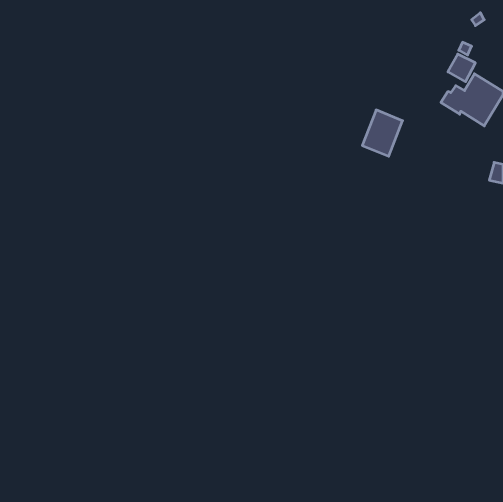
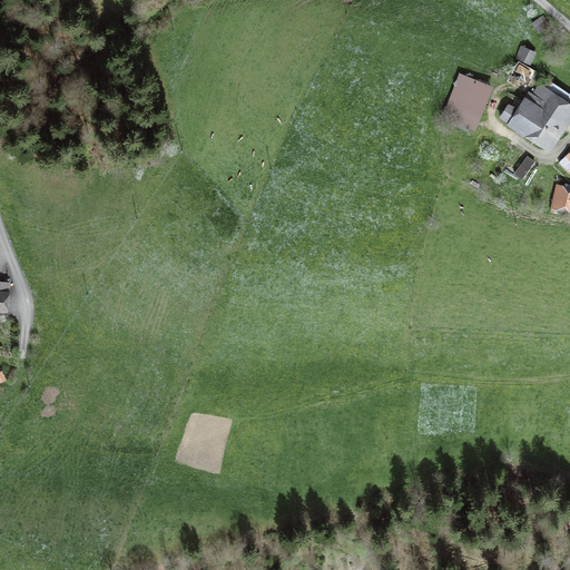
building: [362,110,403,156] -> [444,75,490,127]

